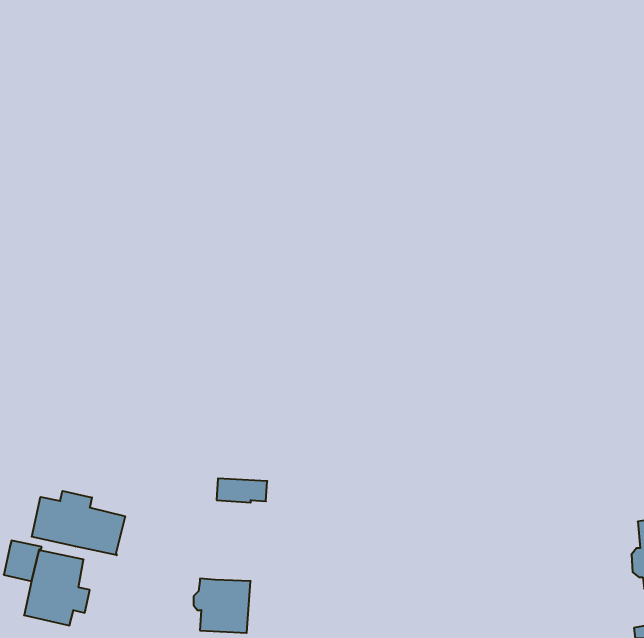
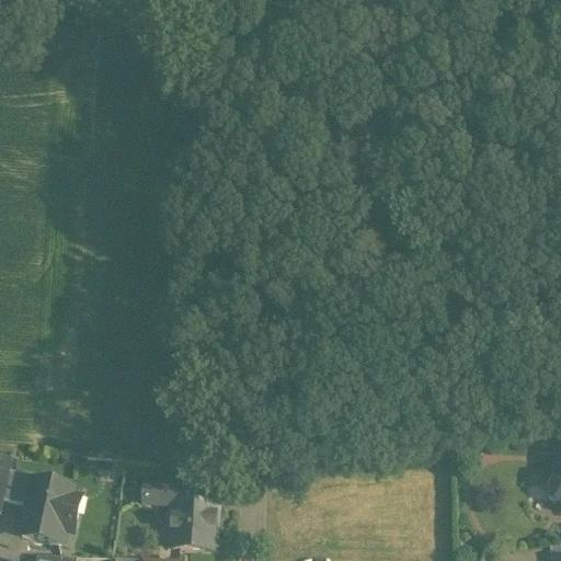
building: [217,478,267,503] -> [146,482,190,503]
building: [32,491,125,555] -> none

